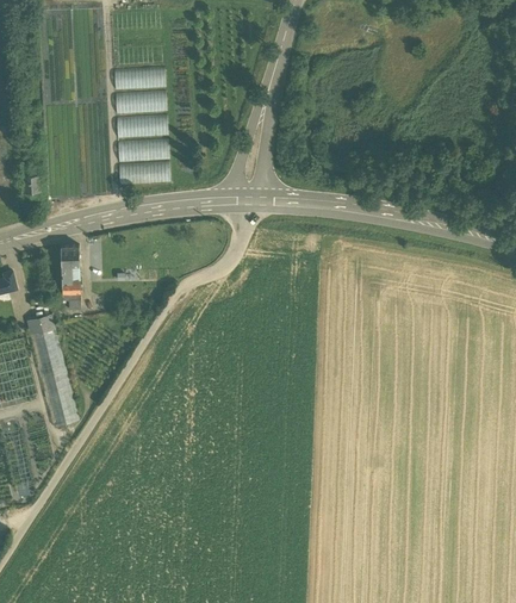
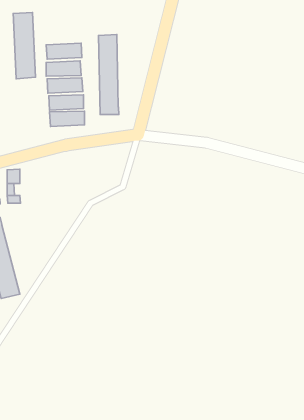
building: none -> [13,13,36,79]
building: none -> [99,35,119,115]

